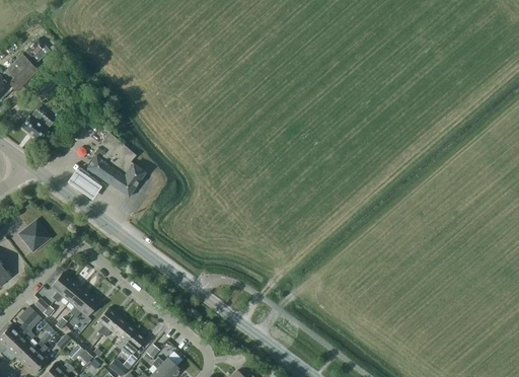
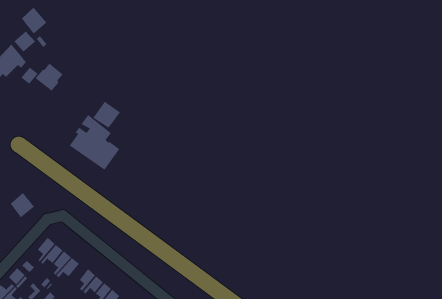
building: none -> [21,7,47,34]
building: [20,109,53,142] -> [35,63,64,92]
building: none -> [93,101,121,128]
building: [66,165,102,198] -> none

